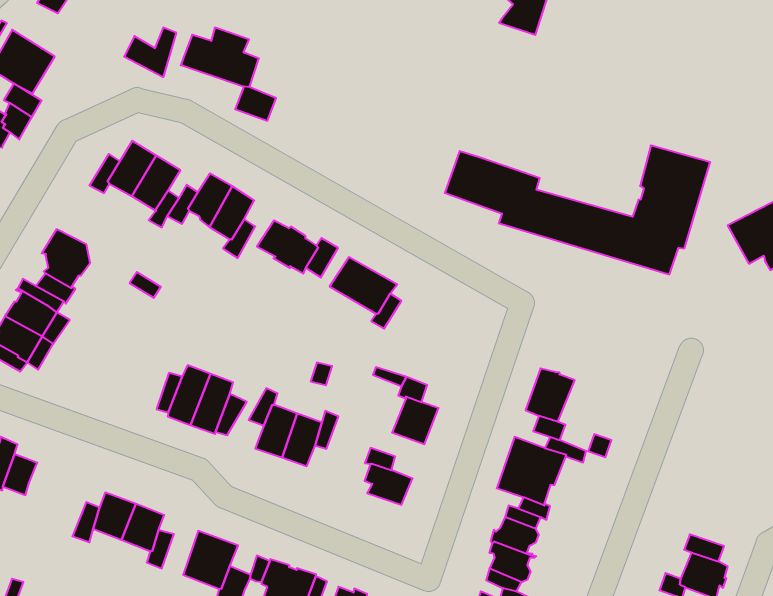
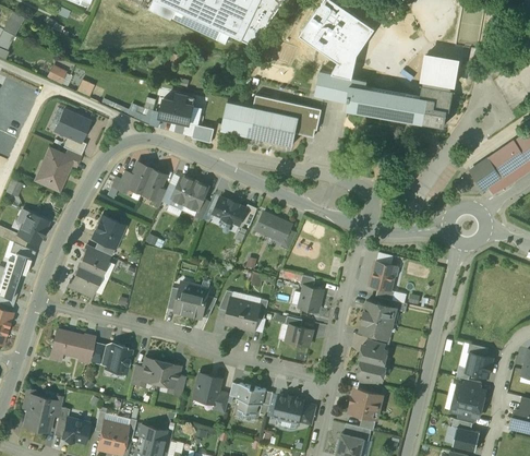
building: none -> [220,96,321,146]
building: [445,145,710,274] -> [314,57,458,127]
building: none -> [105,344,130,374]

